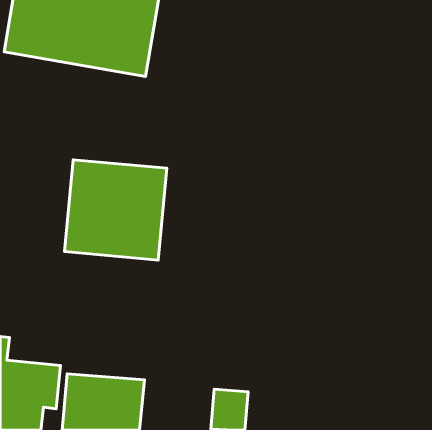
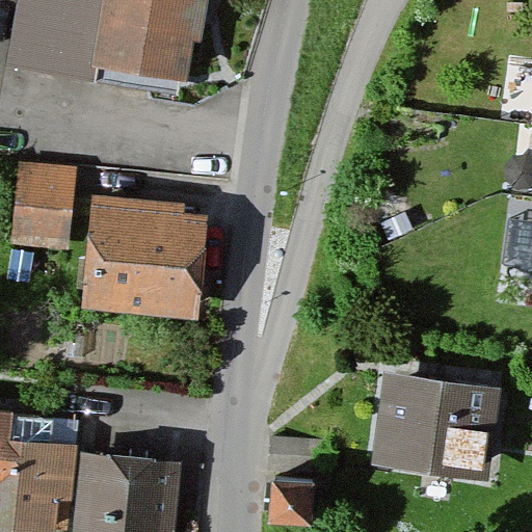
building: none -> [12,166,74,241]
building: none -> [371,374,499,482]

